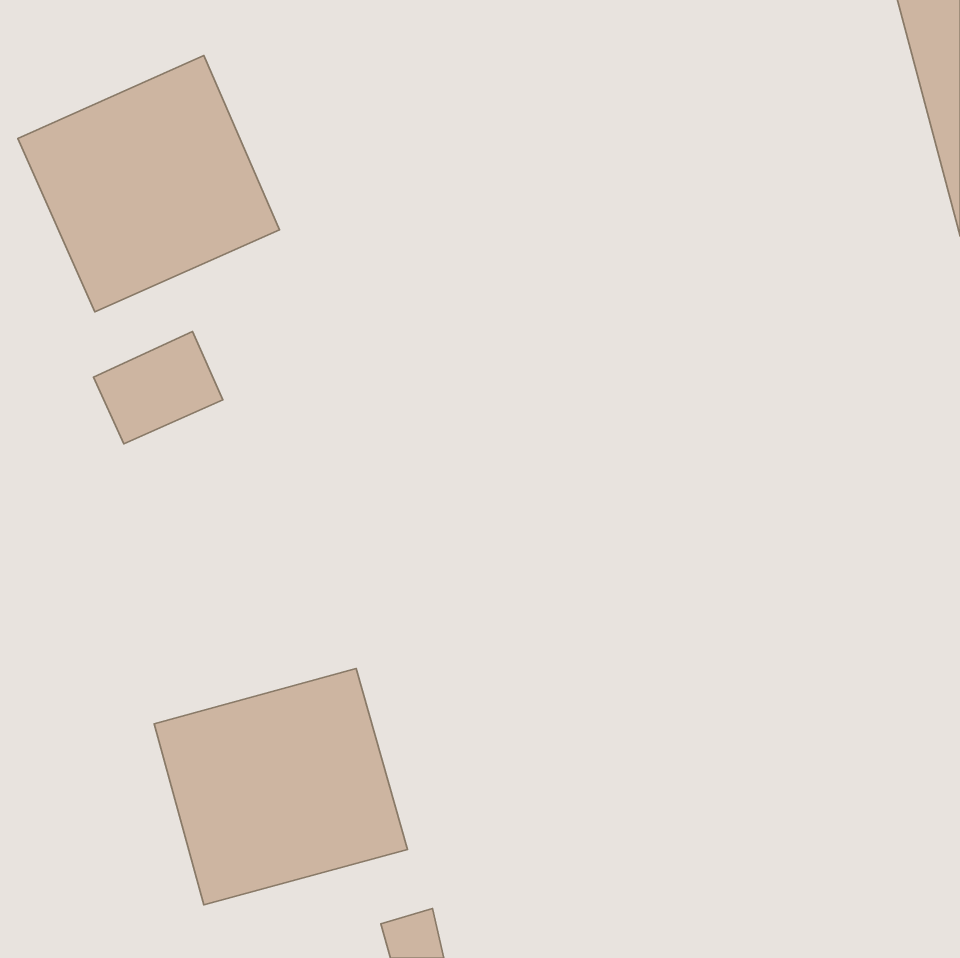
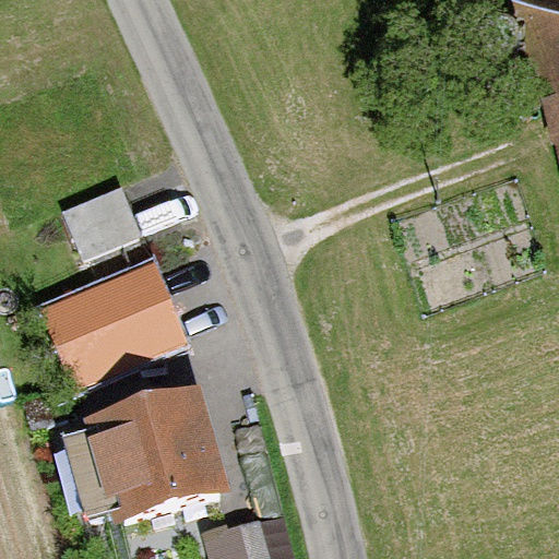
building: [18,55,280,312] -> none
building: none -> [51,276,165,374]

